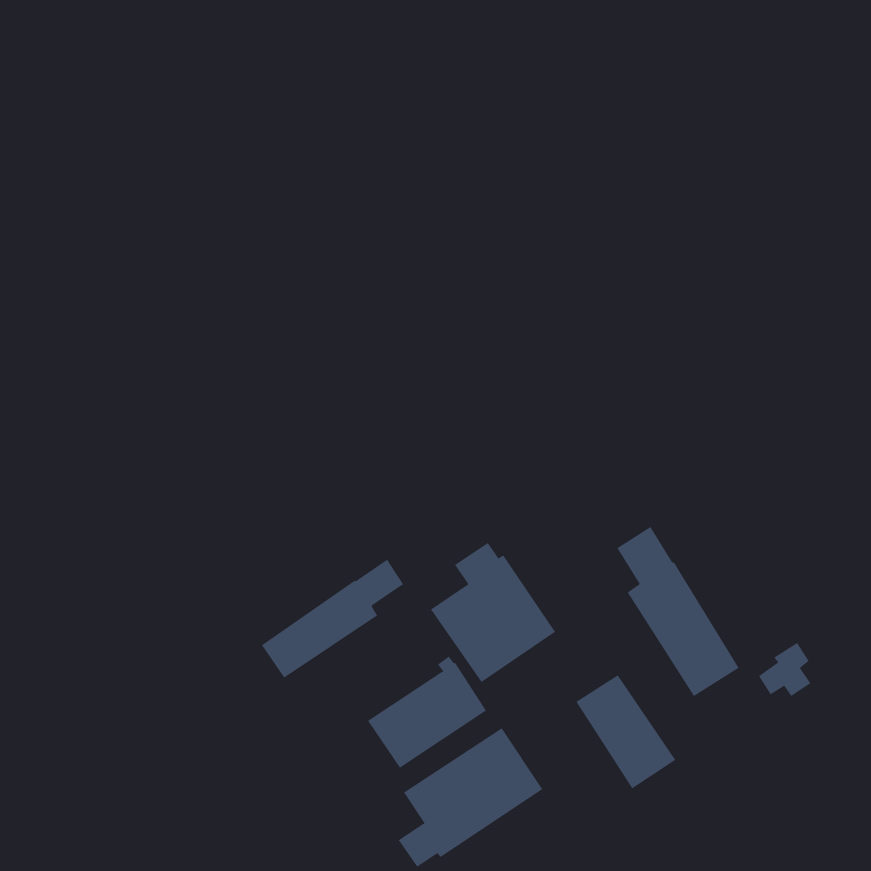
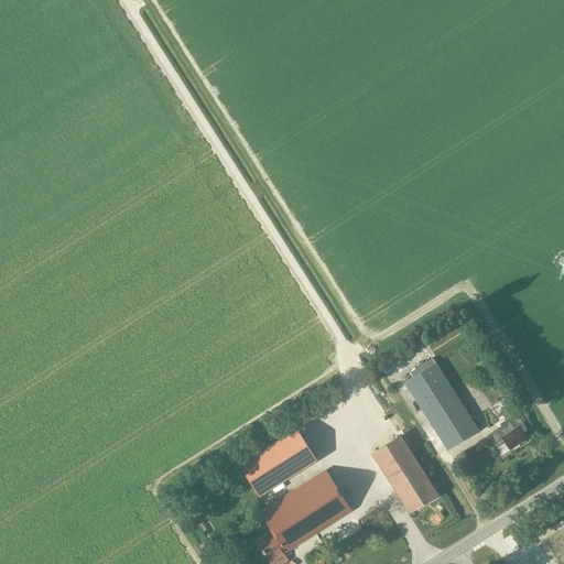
building: [430,542,556,683] -> none
building: [261,559,404,679] -> none

